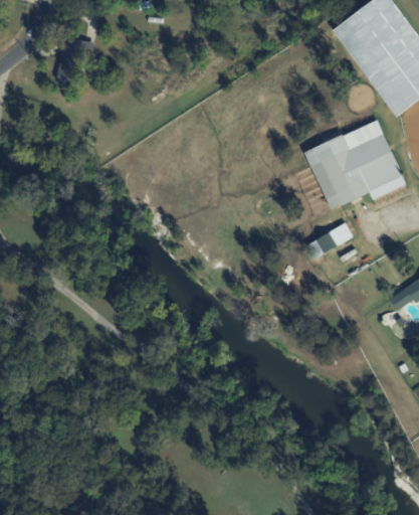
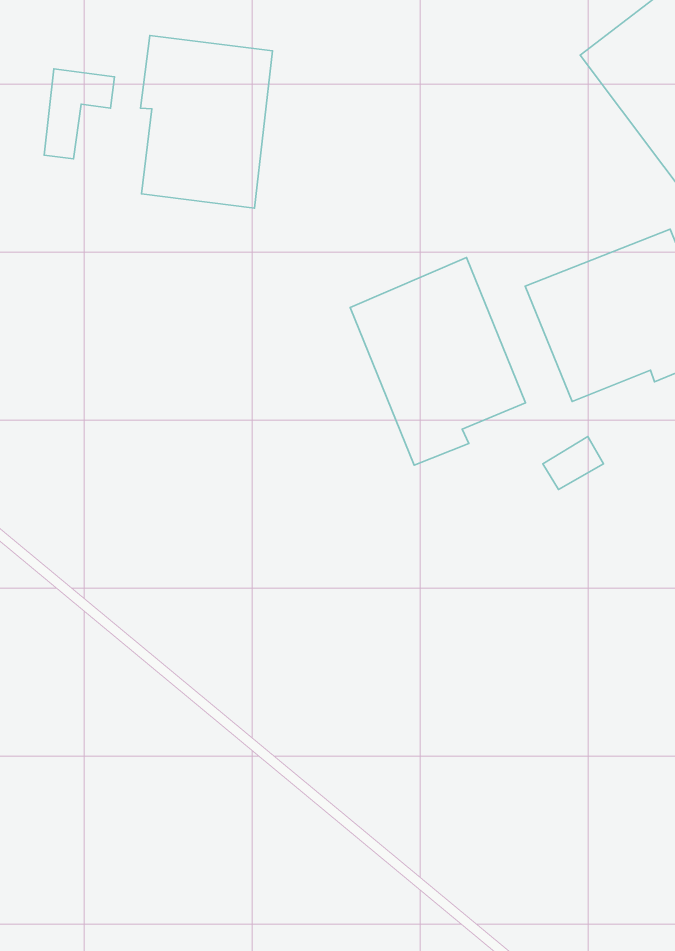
building: none -> [140,36,272,208]
building: none -> [350,257,526,465]

